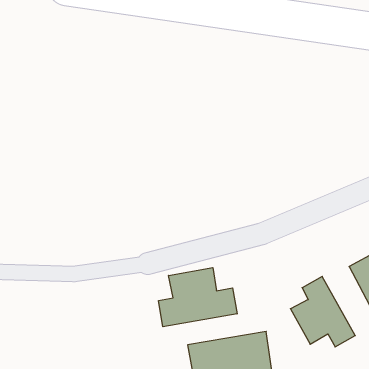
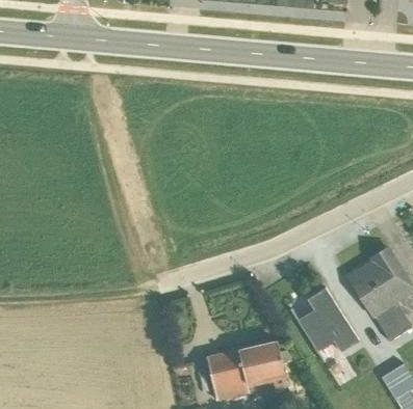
building: [159,268,237,327] -> none

